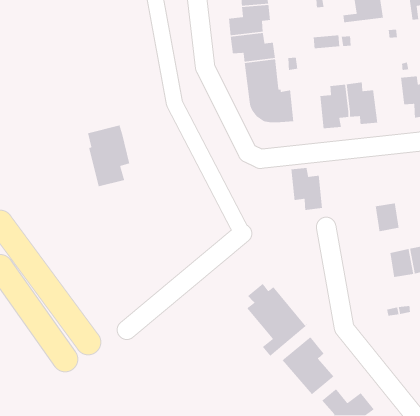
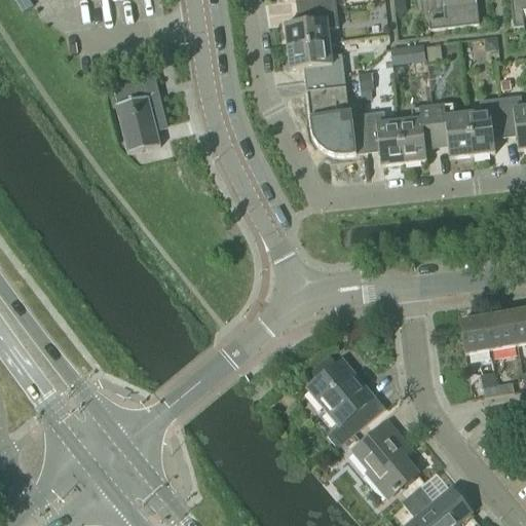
building: none -> [467,97,504,154]
building: [87,125,130,187] -> [114,74,167,152]
building: [291,167,323,211] -> [364,110,404,164]
building: [375,203,400,232] -> [461,315,492,352]

